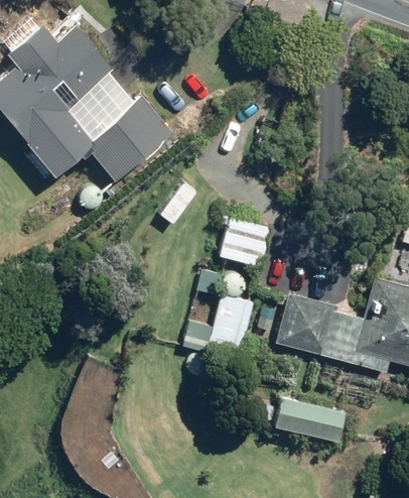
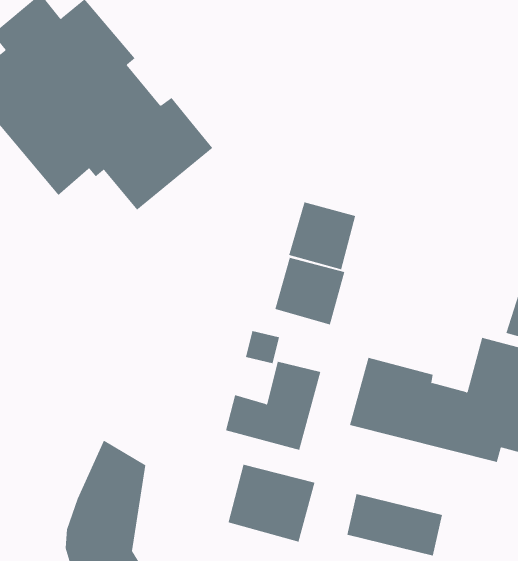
building: none -> [289,202,356,270]
building: none -> [228,464,315,543]

